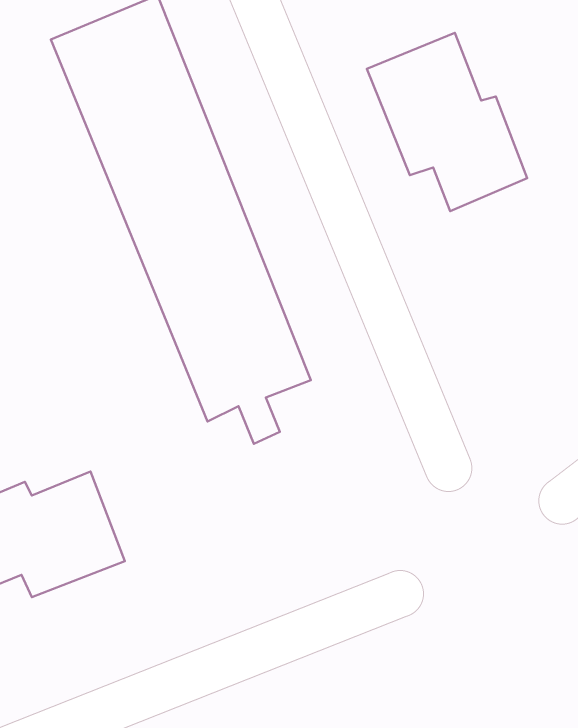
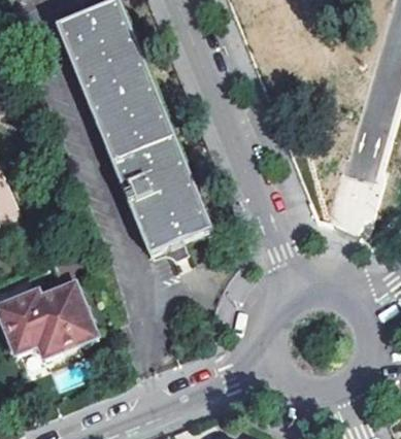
building: [367,33,527,211] -> none

